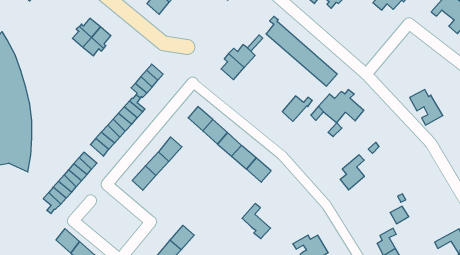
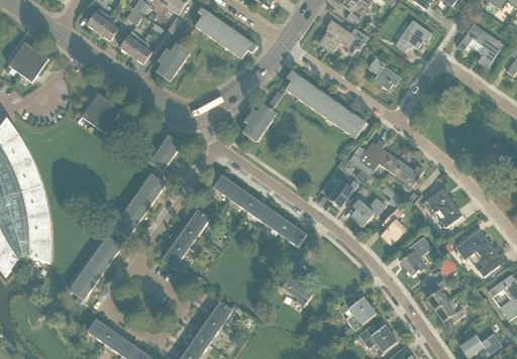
building: none -> [368,56,400,91]
building: [410,90,443,125] -> [424,189,461,226]
building: [282,96,312,121] -> [327,180,357,207]
building: none -> [389,158,423,190]
building: none -> [350,197,385,225]
building: none -> [454,230,499,275]
building: none -> [400,236,431,275]

